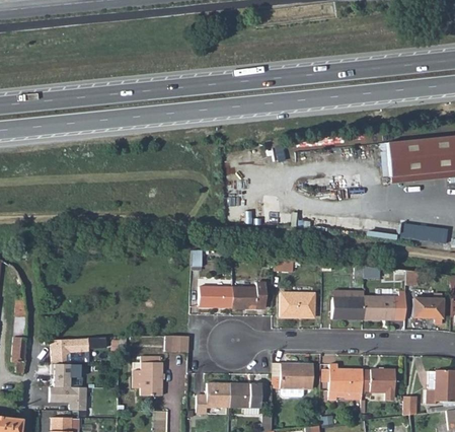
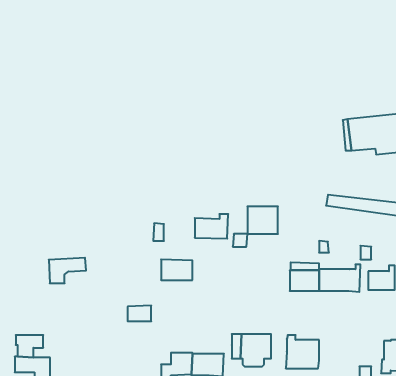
building: [233,284,268,309] -> [195,214,228,239]
building: [284,289,315,317] -> [247,206,278,234]
building: [50,339,88,365] -> [49,258,86,283]
building: [134,356,164,395] -> none
building: [364,370,396,402] -> none

